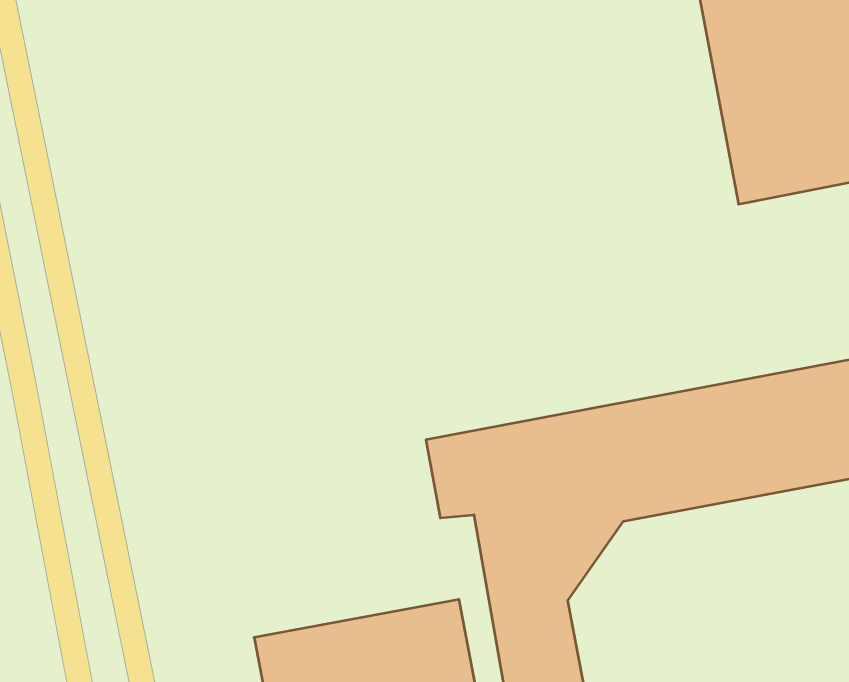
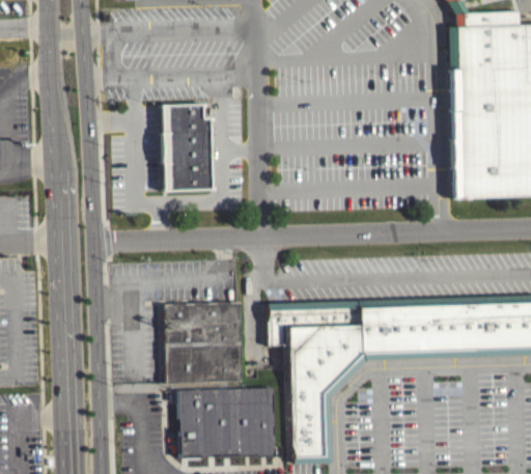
building: none -> [163,102,217,188]
building: none -> [164,300,246,382]

